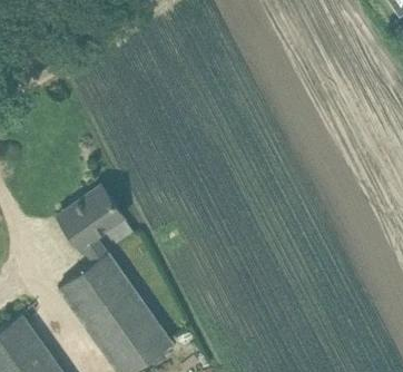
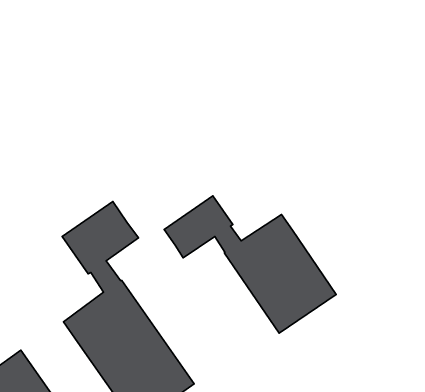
building: none -> [164,196,336,333]

